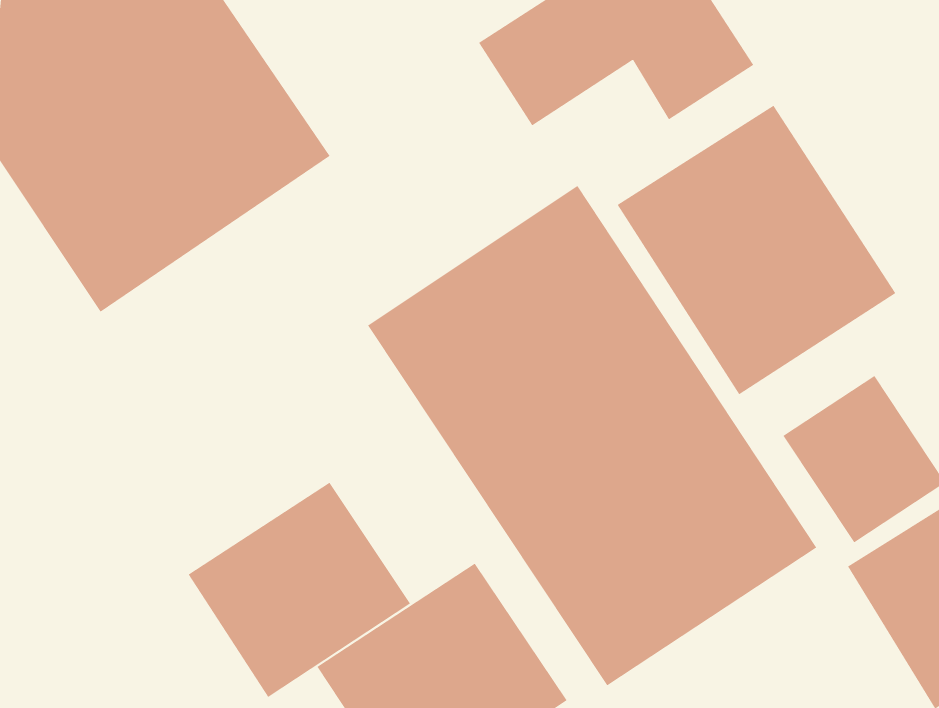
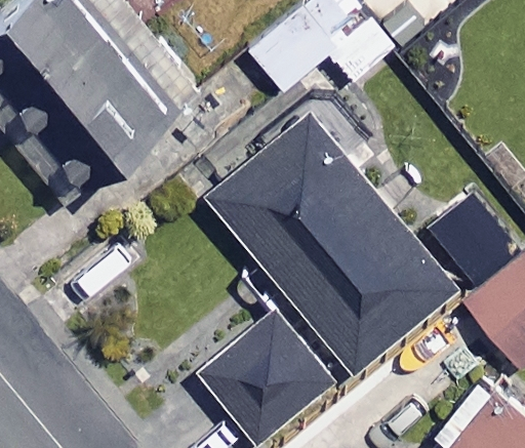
building: [617,105,896,395] -> none
building: [188,482,411,698] -> none

